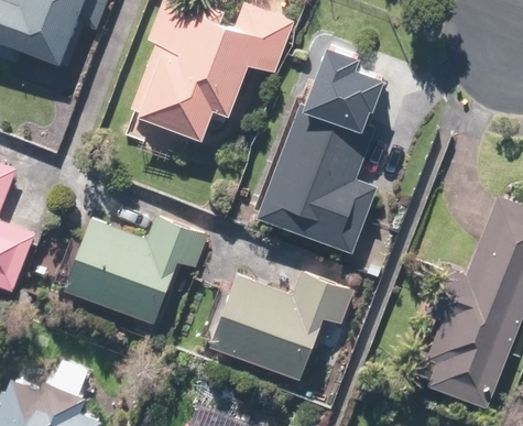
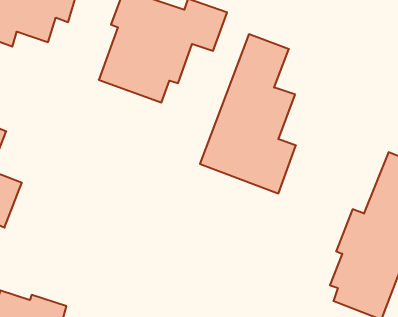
building: [62,217,205,325] -> none
building: [208,271,353,380] -> none

